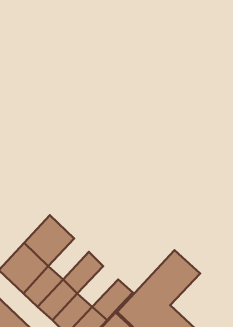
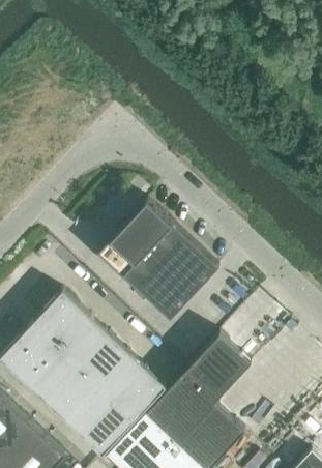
building: none -> [97,200,218,320]
building: none -> [61,319,112,370]
building: none -> [97,353,148,404]

